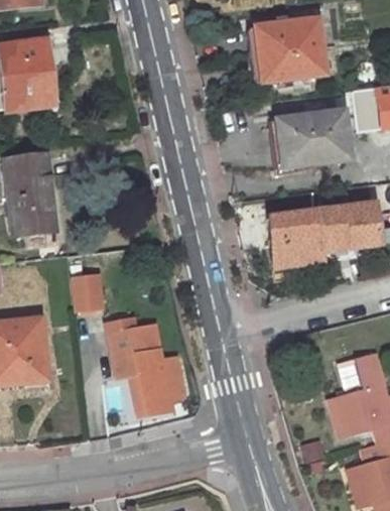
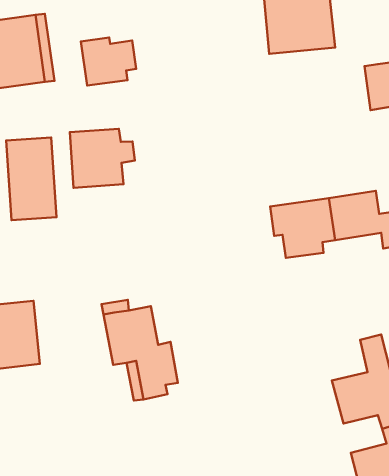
building: none -> [81,38,136,86]
building: [280,114,355,168] -> none
building: none -> [70,129,135,188]
building: [75,279,106,314] -> none

